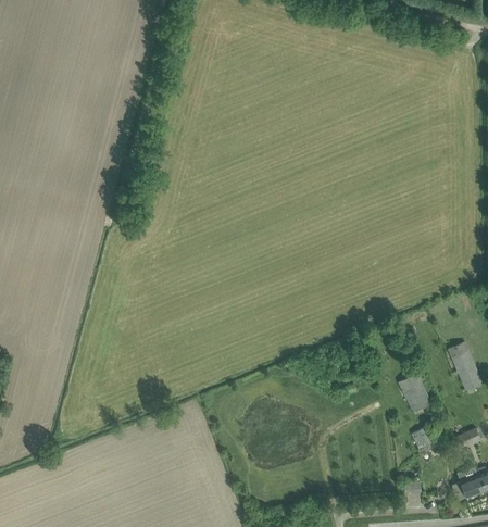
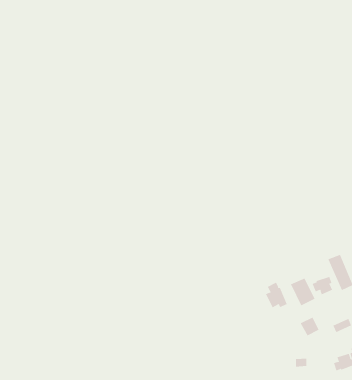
building: none -> [312,276,333,295]
building: none -> [265,282,287,308]

